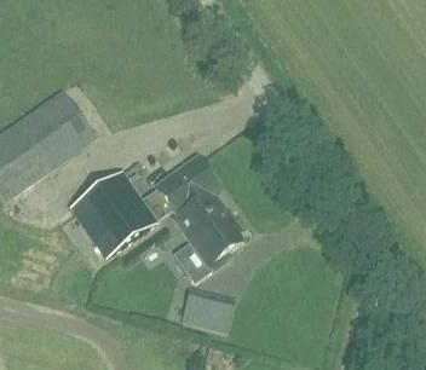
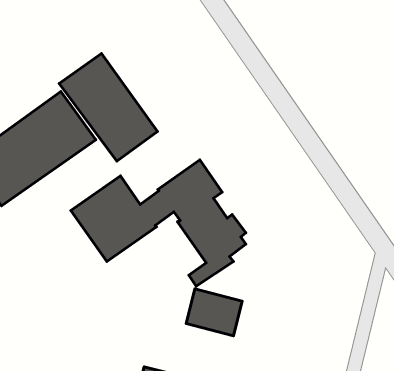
building: none -> [59,53,158,161]

